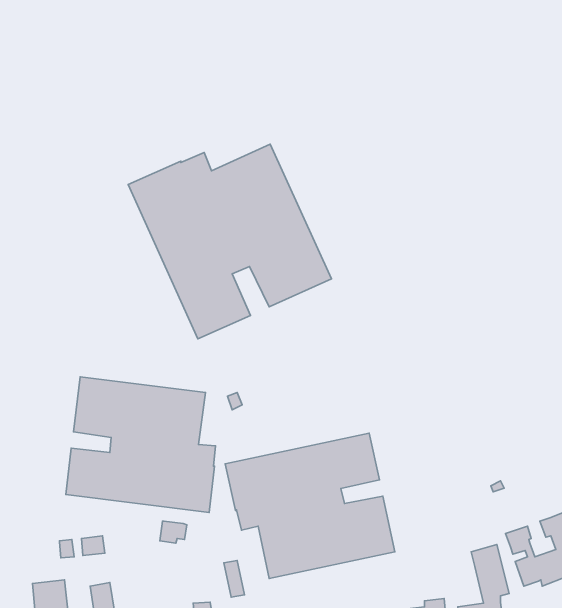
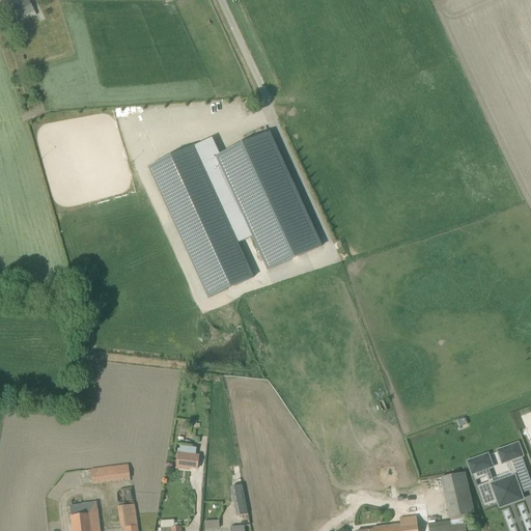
building: [66,377,215,512] -> none
building: [225,433,395,579] -> none

